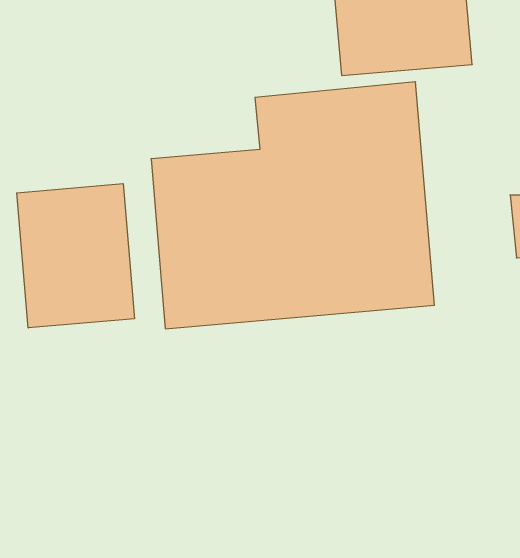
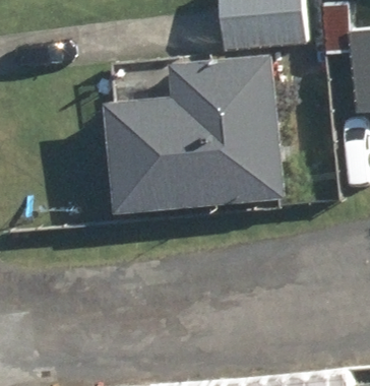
building: [17,184,134,328] -> none

